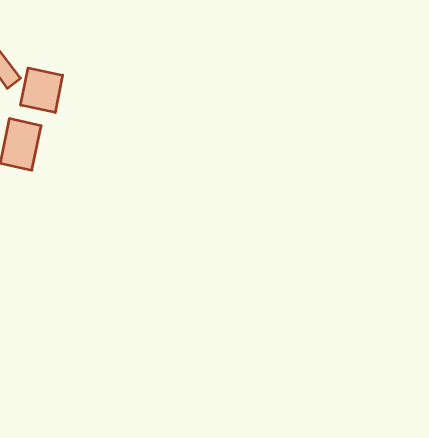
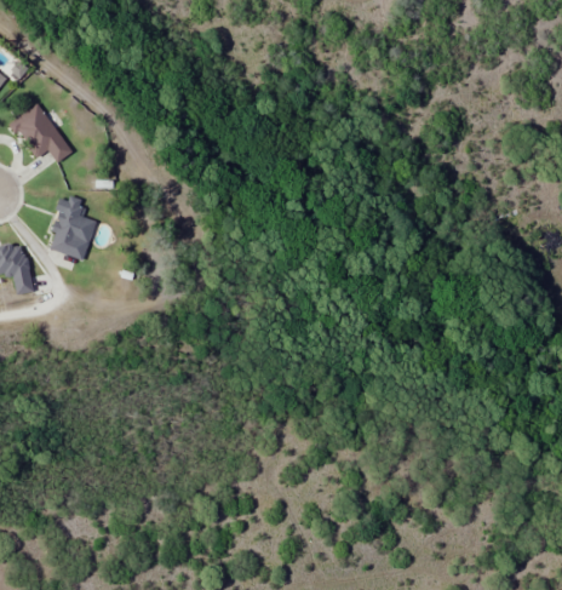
building: [21,68,63,113] -> none

